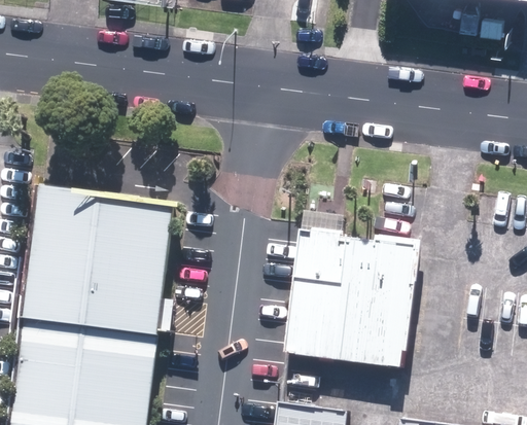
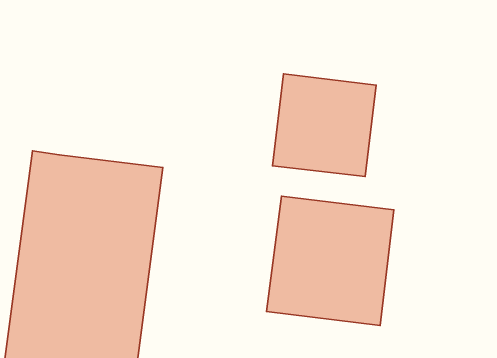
building: none -> [272,74,376,177]

